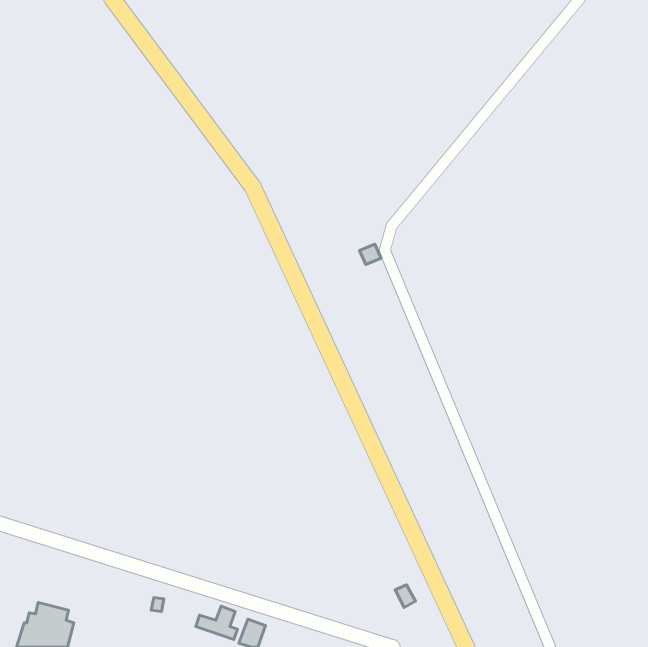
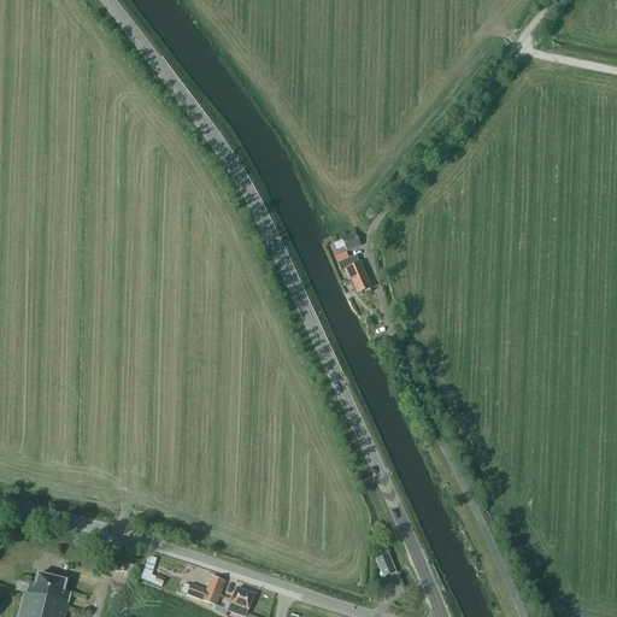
building: none -> [337,254,372,293]

